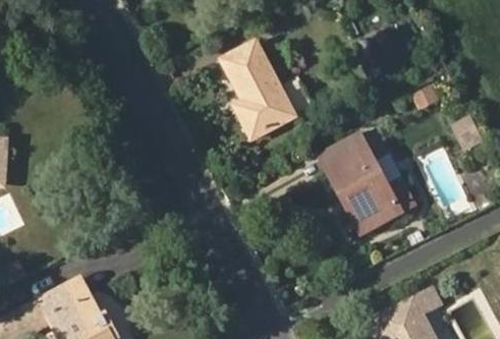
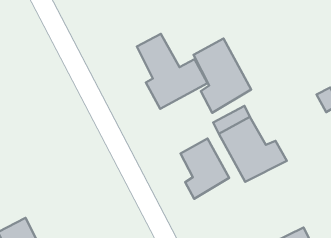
building: none -> [193,38,251,113]
building: none -> [180,138,229,199]

